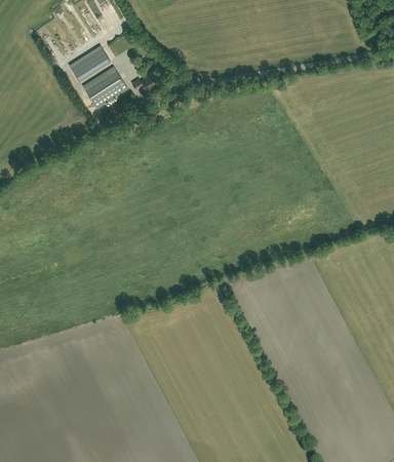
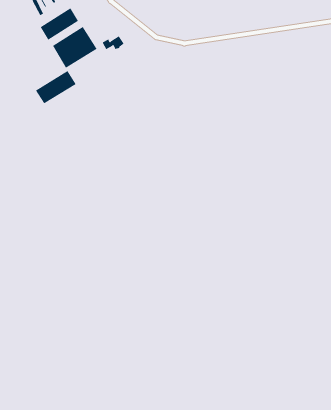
building: none -> [35,70,76,104]

